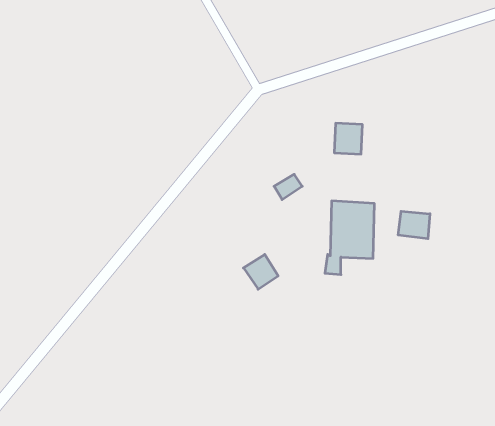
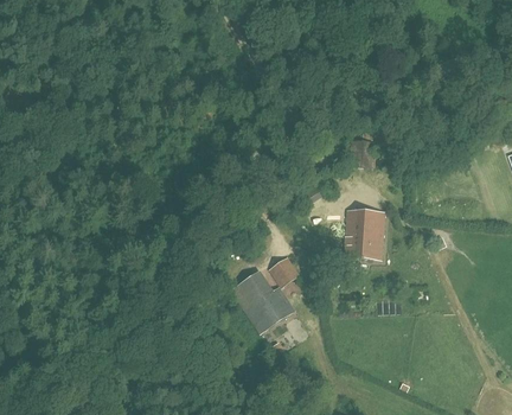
building: [398,211,430,239] -> none
building: none -> [231,275,288,331]

